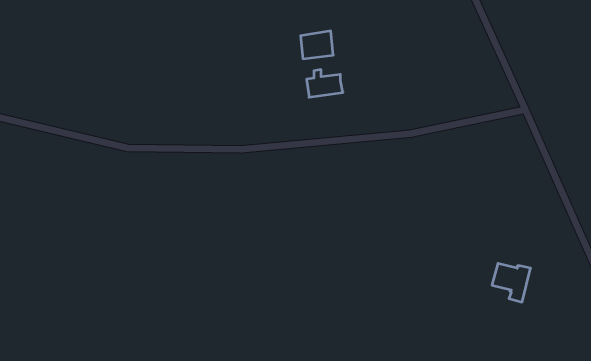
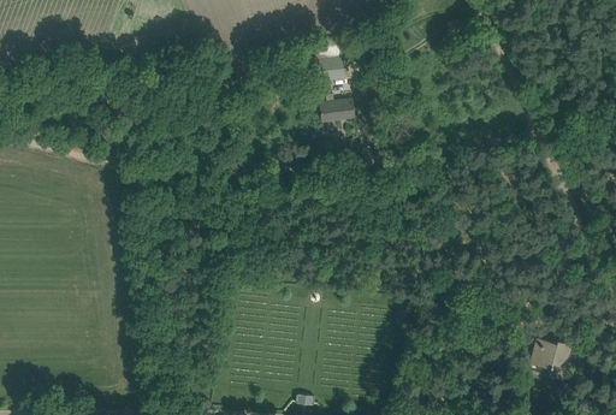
building: [492,263,531,302] -> [531,339,569,378]

